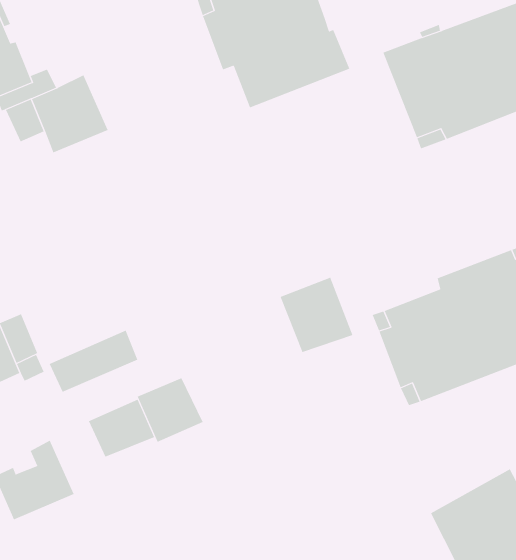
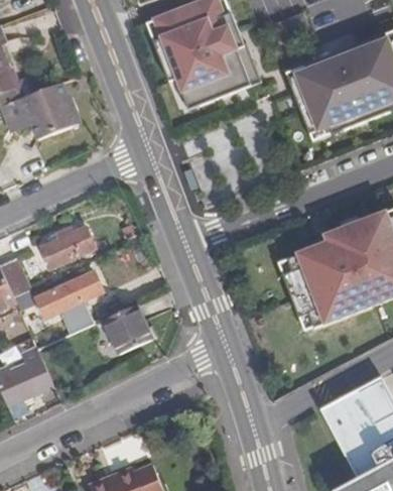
building: none -> [43,225,96,269]
building: [280,277,353,353] -> none
building: [88,399,155,458] -> none

